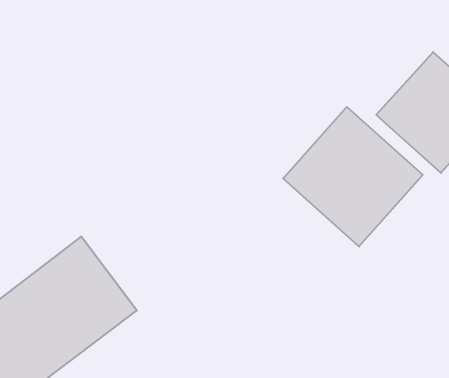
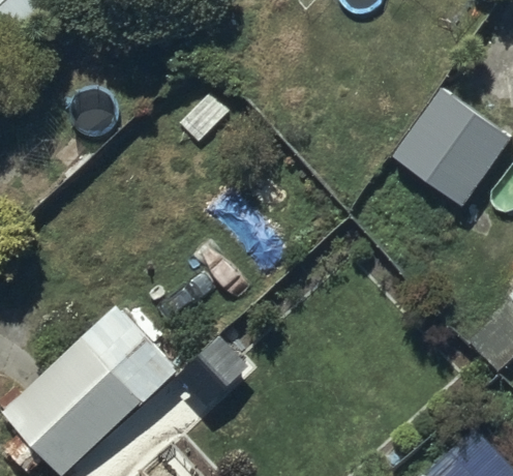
building: [283,107,423,247] -> none

